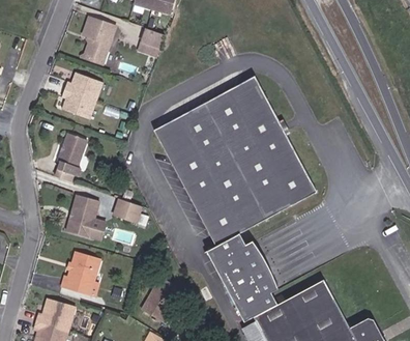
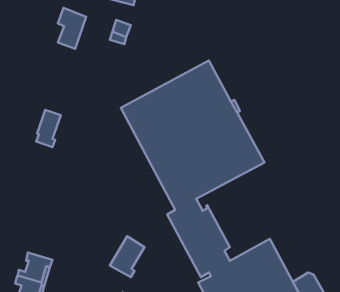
building: [60,73,101,117] -> none
building: [65,195,99,238] -> none
building: [114,198,141,222] -> none
building: [62,252,105,294] -> none

